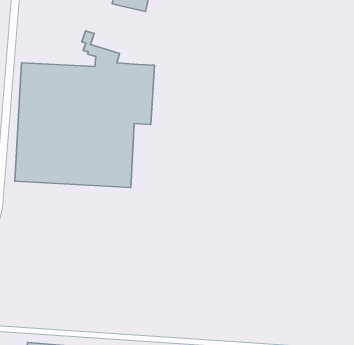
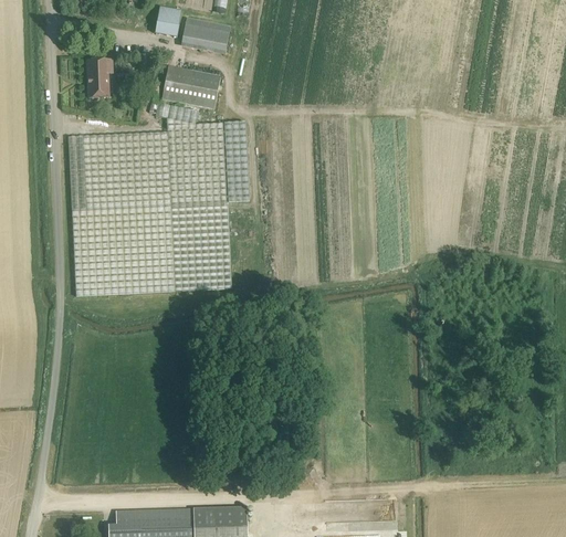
building: none -> [87,59,113,96]
building: none -> [163,64,221,109]

